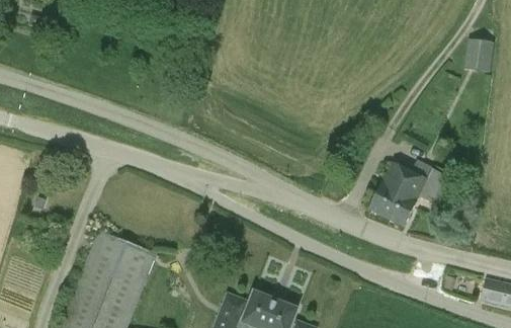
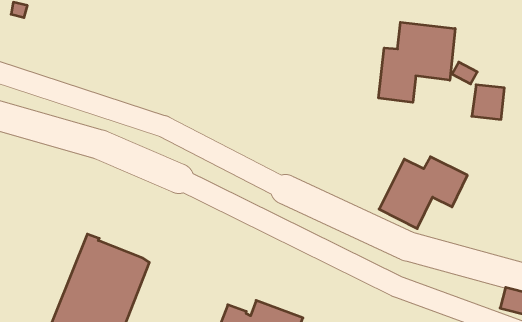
building: none -> [379,22,455,102]
building: [463,37,494,70] -> [472,85,504,119]

